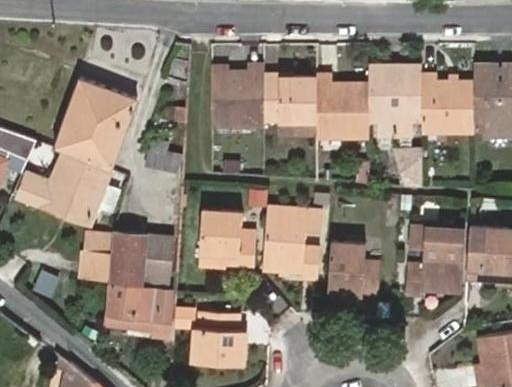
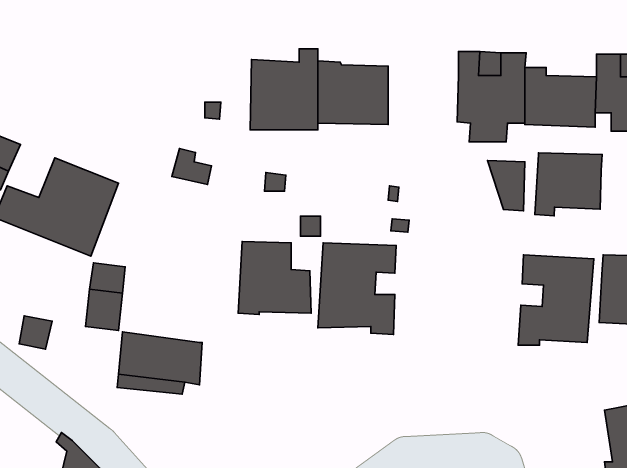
building: [54,74,138,168] -> none
building: [312,79,366,140] -> none
building: none -> [535,153,602,216]
building: [113,231,175,288] -> none
building: [326,245,378,297] -> none
building: [194,312,245,365] -> none

